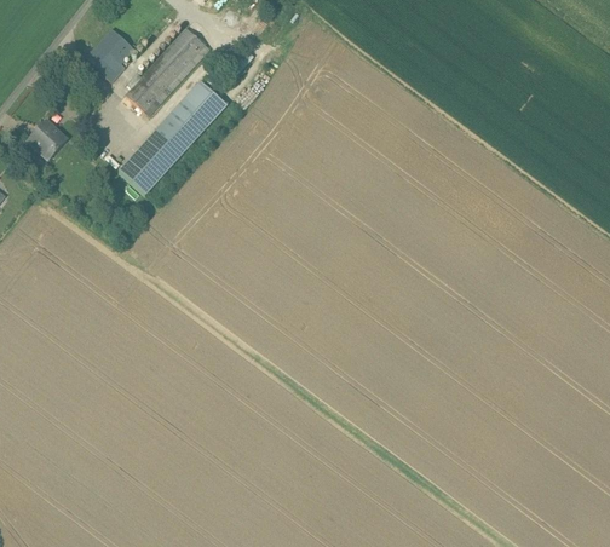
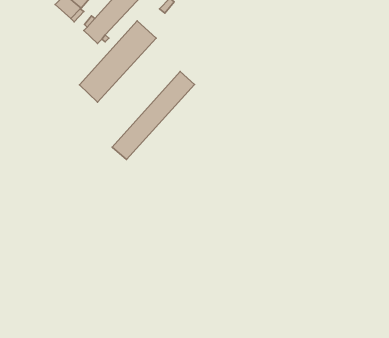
building: [28,119,68,159] -> none
building: none -> [112,72,194,159]

